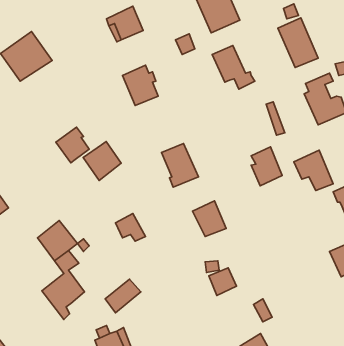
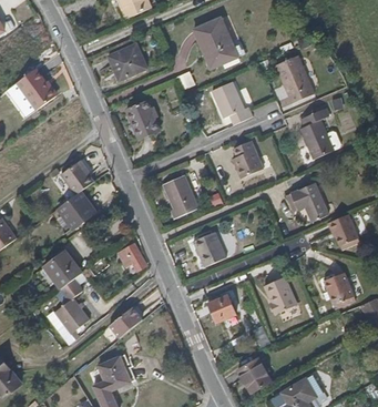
building: [83,141,121,181] -> [58,191,94,228]
building: [251,147,282,186] -> [232,140,262,177]
building: none -> [264,276,296,314]

